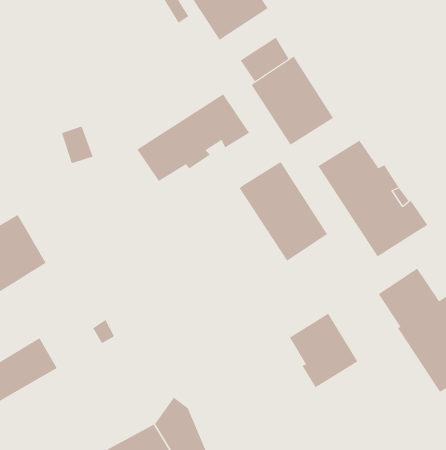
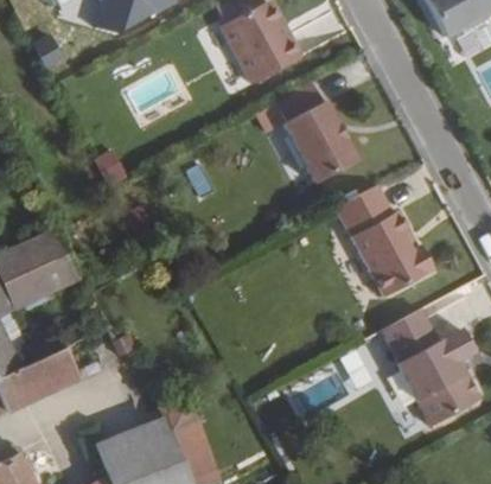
building: [137,94,250,182] -> none
building: [239,162,328,261] -> none
building: [289,313,358,388] -> none

